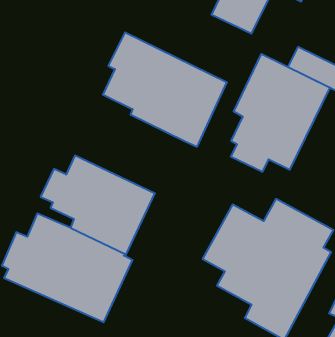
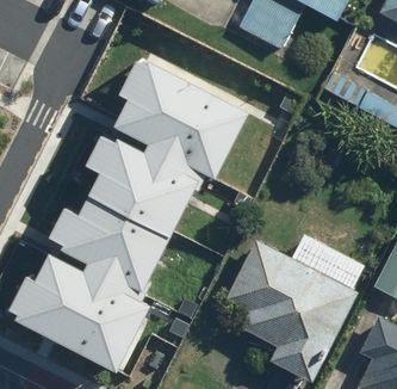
building: [231,54,330,172] -> none
building: none -> [86,128,209,227]

